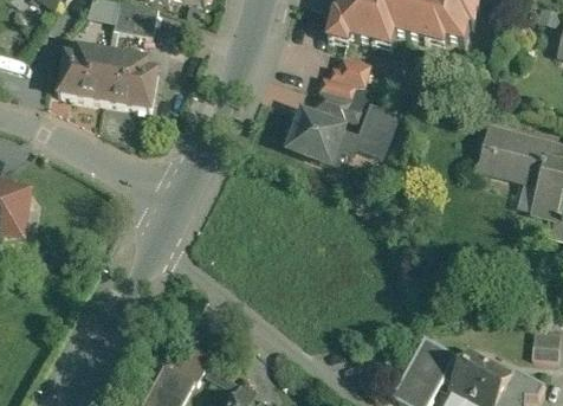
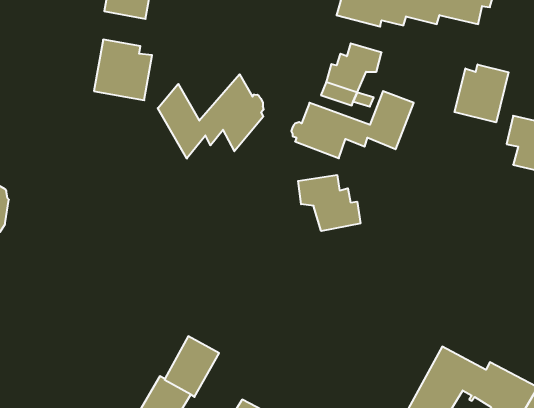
building: [58,50,112,103] -> none
building: none -> [454,64,509,122]
building: none -> [158,74,264,159]
building: none -> [298,175,360,231]

